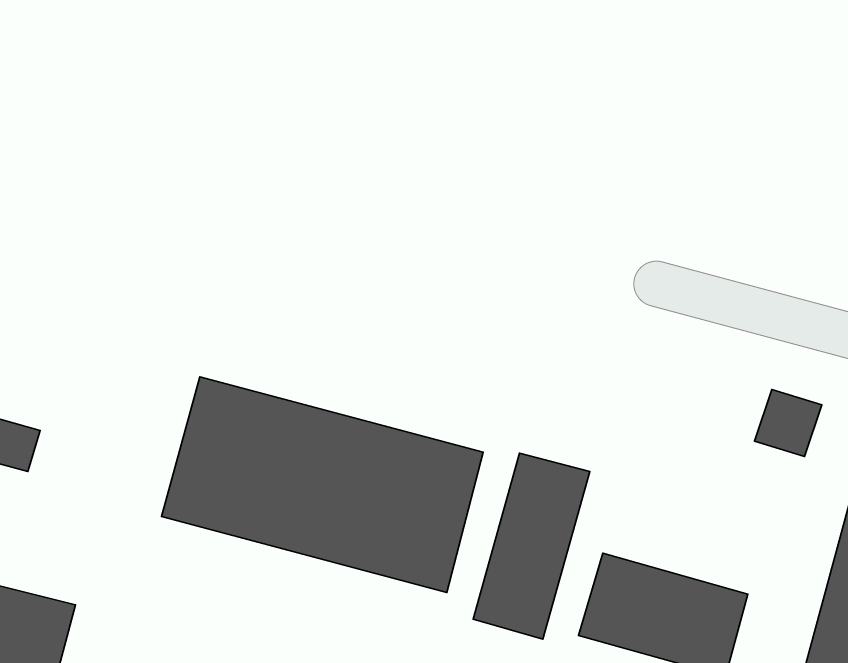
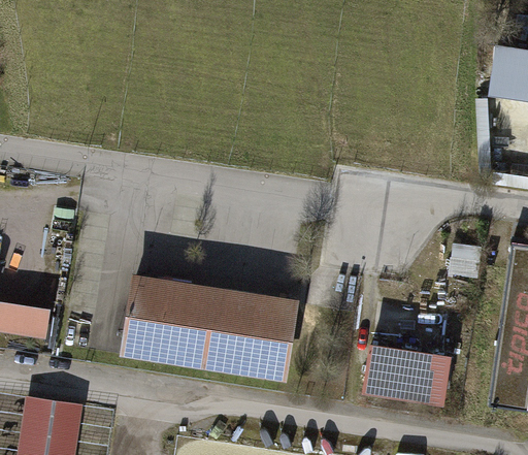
building: [473,453,590,639] -> none

